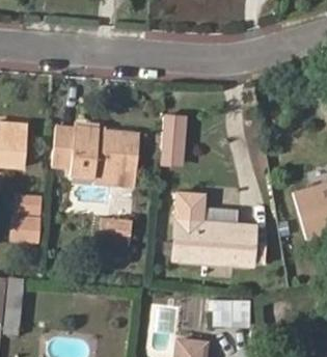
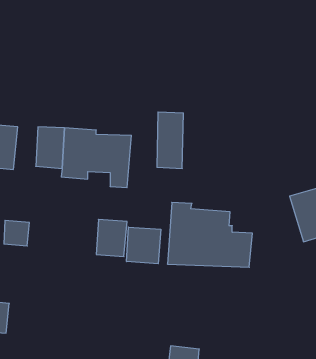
building: none -> [127,227,161,264]
building: [212,300,248,327] -> none

